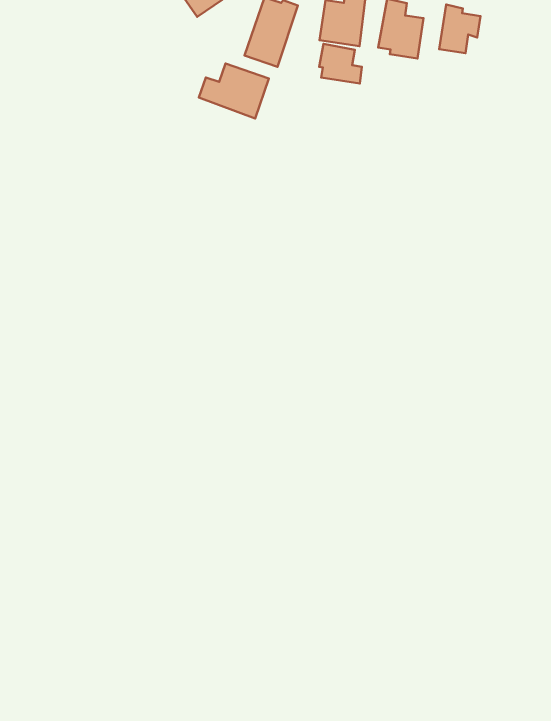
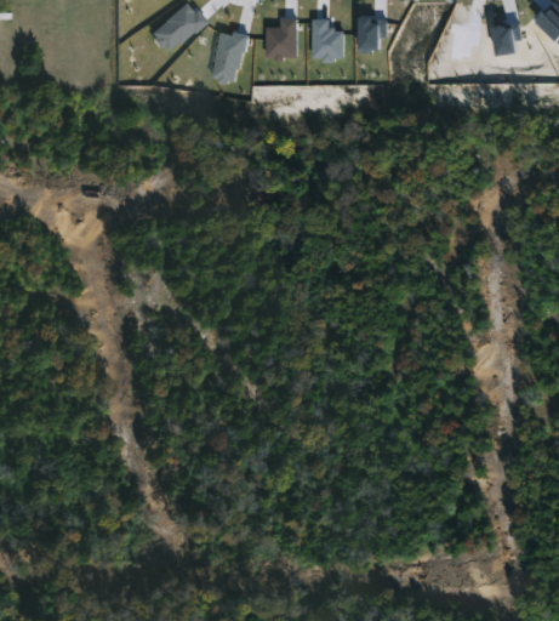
building: [319,44,362,84] -> none
building: [199,64,269,118] -> none

